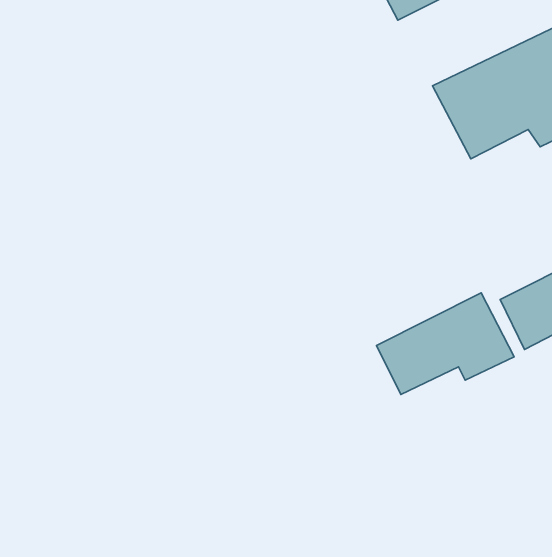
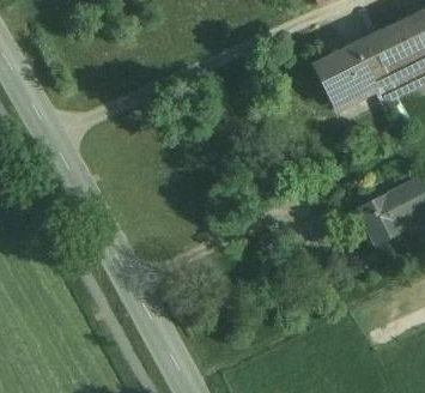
building: [376,293,514,395] -> none

